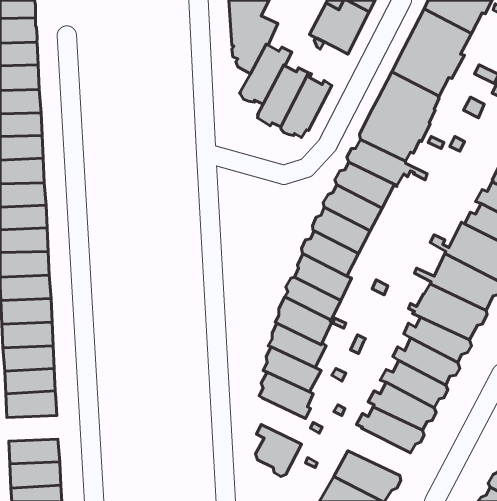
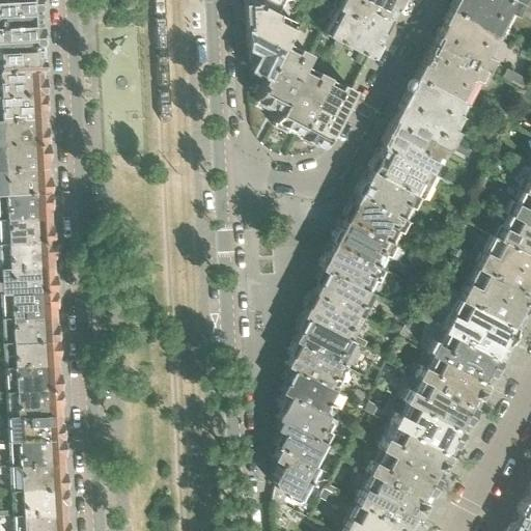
building: none -> [277,421,329,467]
building: none -> [12,440,66,467]
building: none -> [369,453,441,503]

